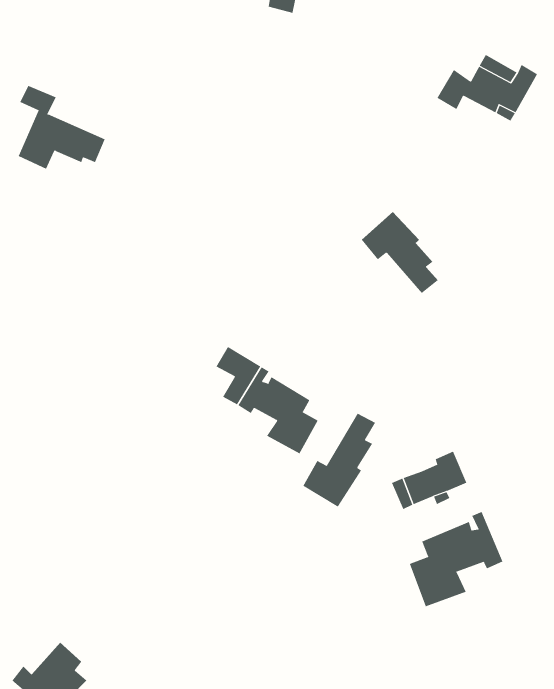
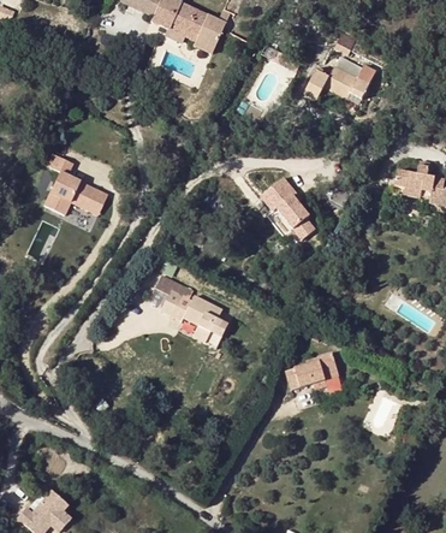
building: [18,85,105,170] -> [40,155,102,215]
building: [302,413,376,508] -> none
building: [409,511,503,607] -> none

